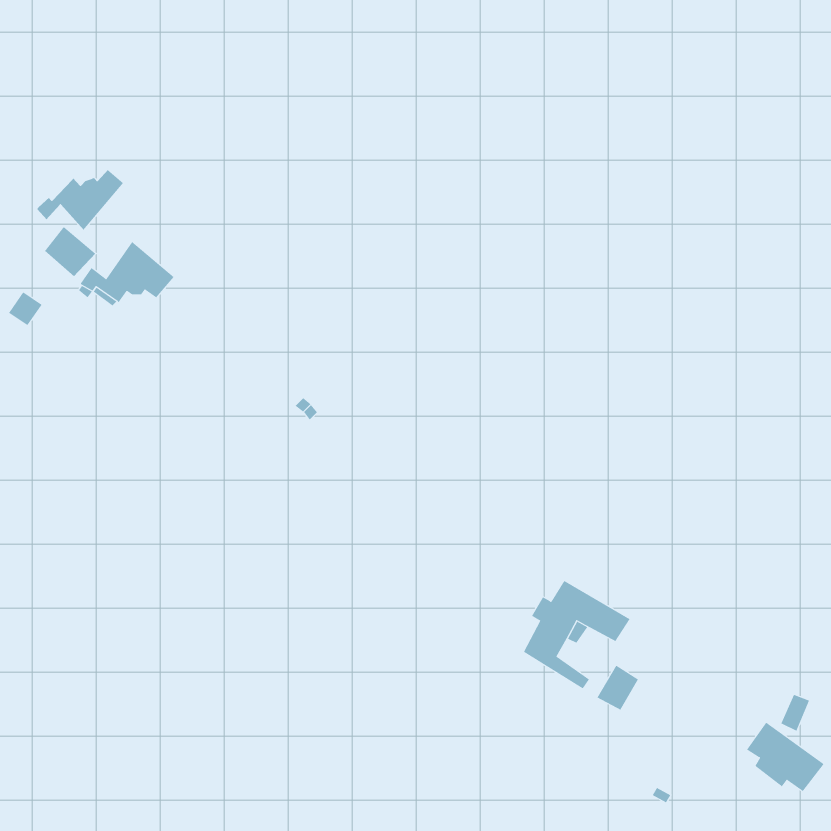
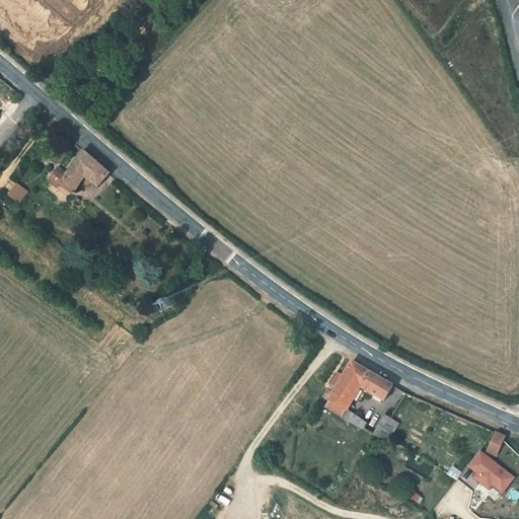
building: [36,169,124,230] -> none
building: [44,226,96,277] -> none

